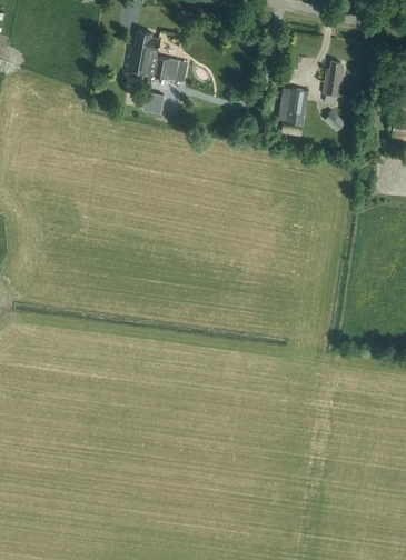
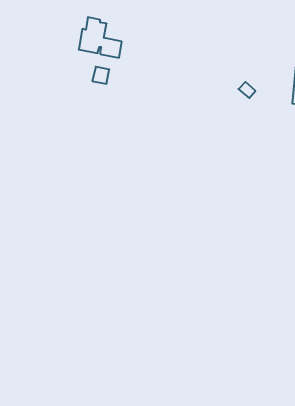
building: [324,63,344,98] -> none
building: [287,90,308,126] -> none

